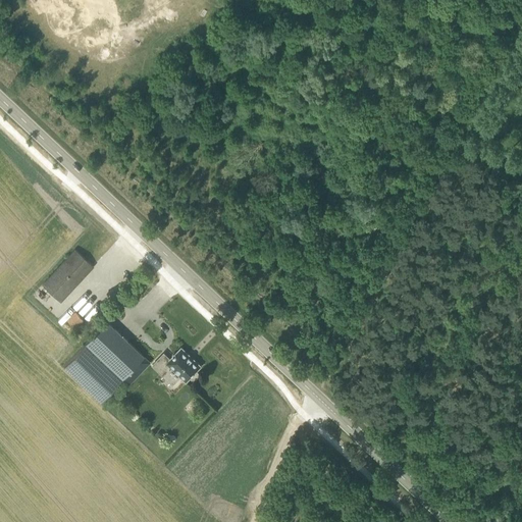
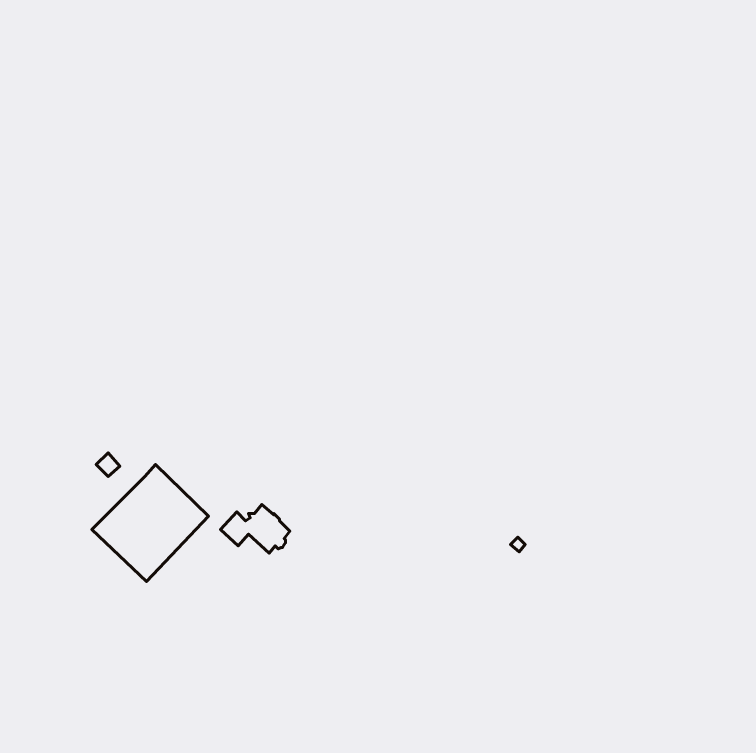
building: [42,251,94,304] -> none

